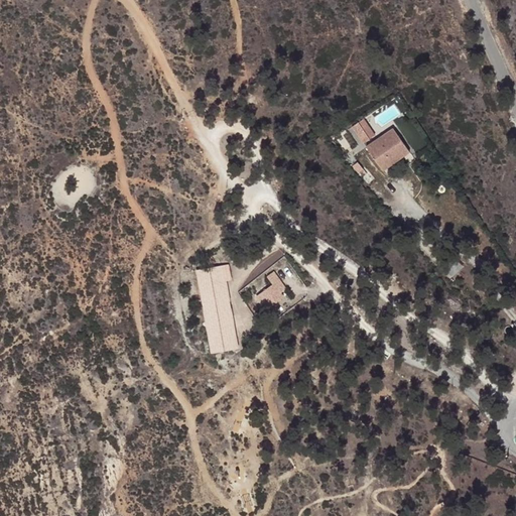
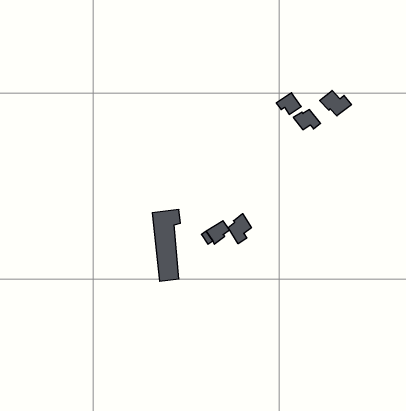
building: none -> [320,90,351,116]
building: none -> [228,214,251,244]

